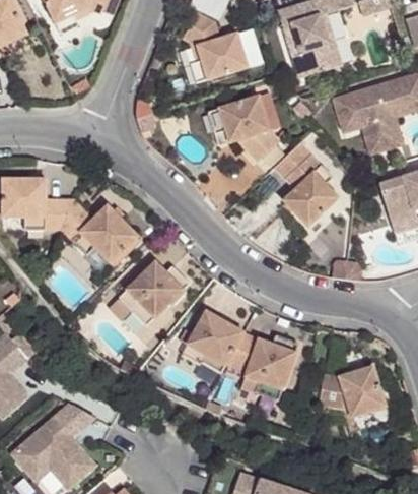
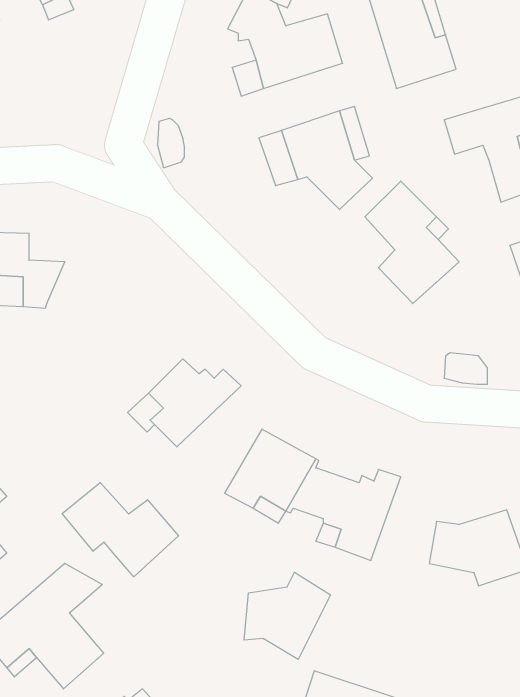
building: [59,194,138,261] -> none
building: none -> [62,482,179,577]
building: none -> [244,572,330,659]

